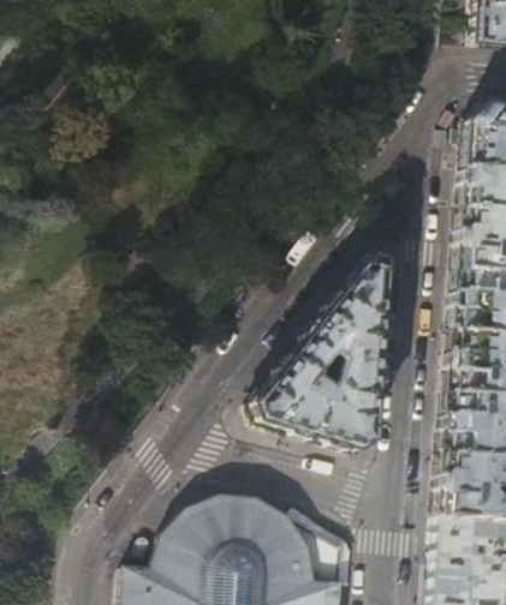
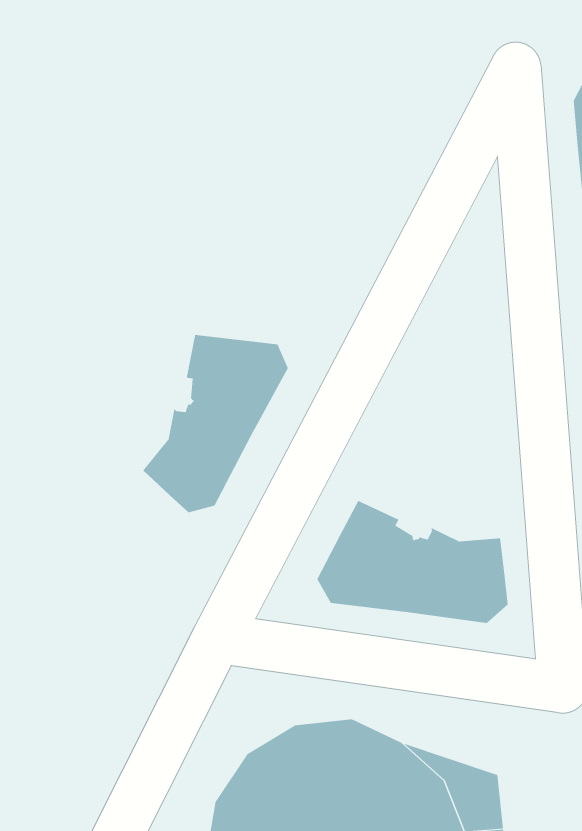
building: none -> [142,334,288,513]
building: [297,254,394,397] -> none

